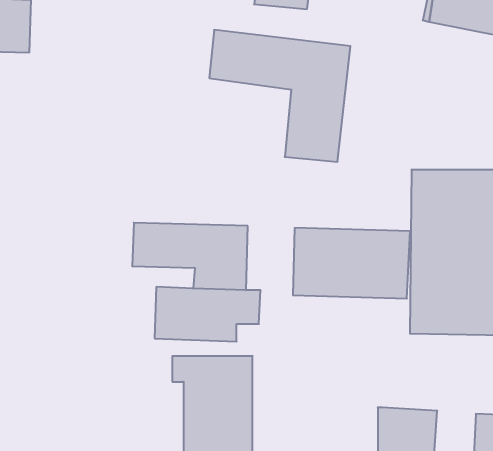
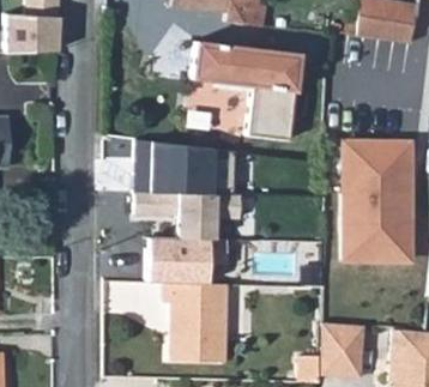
building: [293,228,410,299] -> [137,133,224,186]

